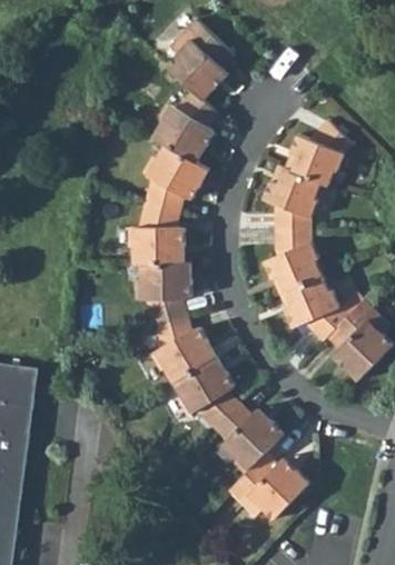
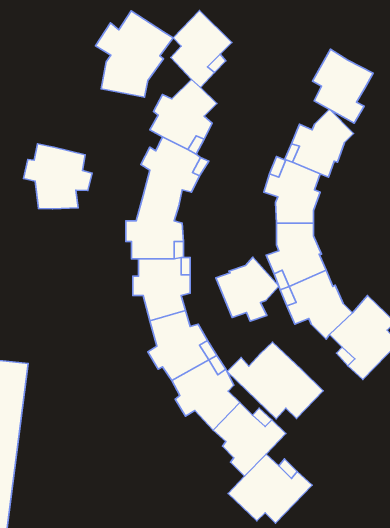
building: none -> [95,11,173,97]
building: none -> [312,49,373,123]
building: none -> [24,144,92,209]
building: none -> [216,257,279,321]
building: none -> [227,342,323,419]

